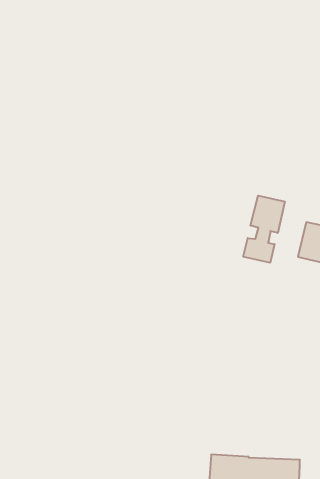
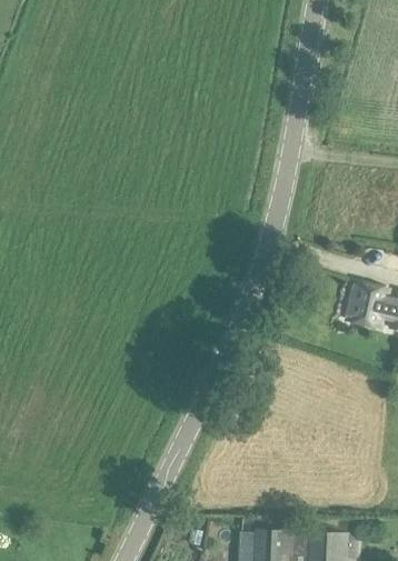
building: [243,196,285,263] -> none

